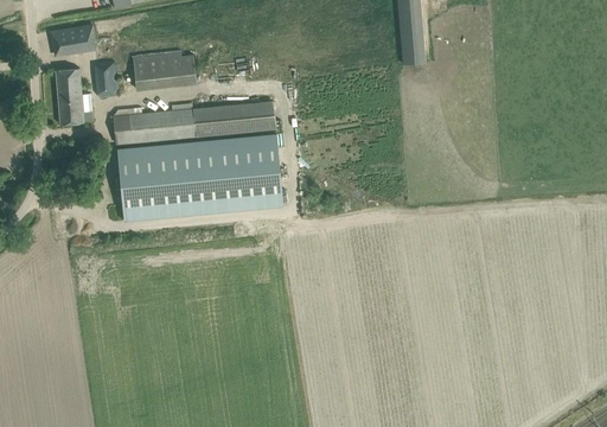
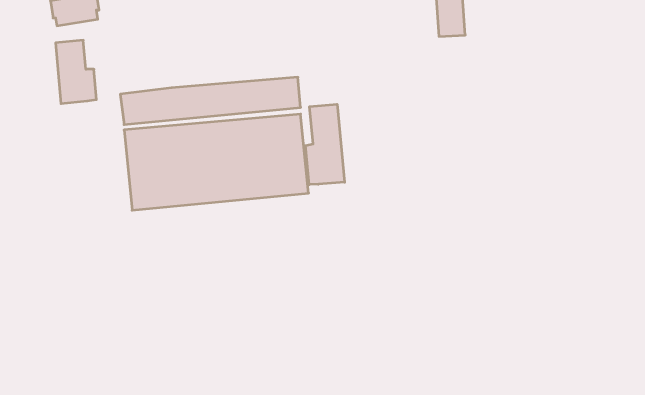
building: [132,50,196,89] -> none
building: [94,63,119,96] -> none
building: none -> [305,104,345,185]

